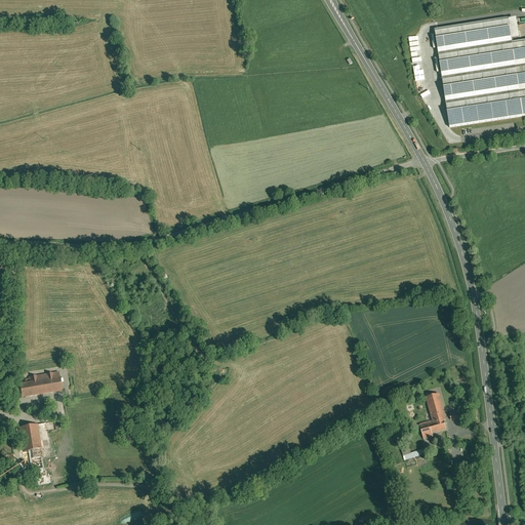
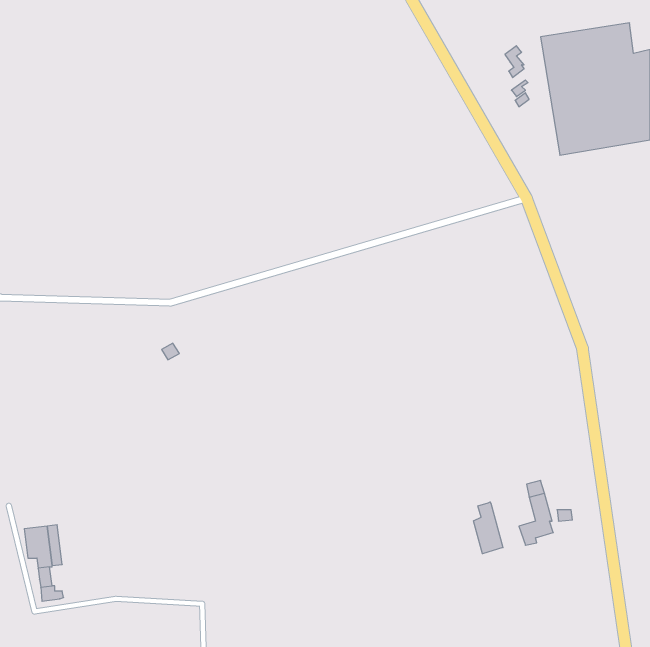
building: [18,371,62,398] -> none
building: none -> [474,502,503,554]

